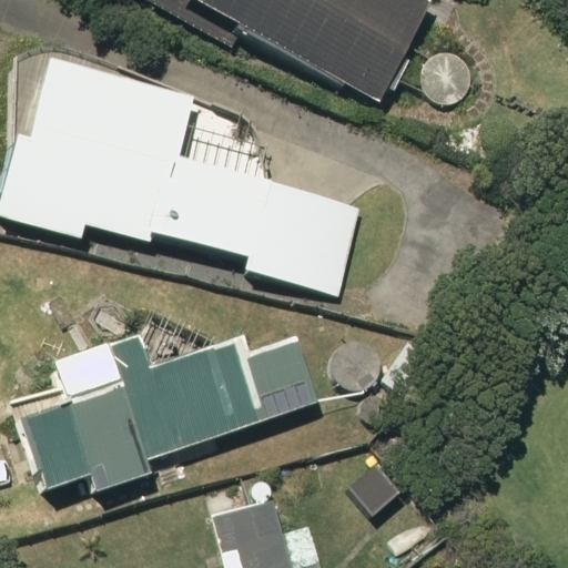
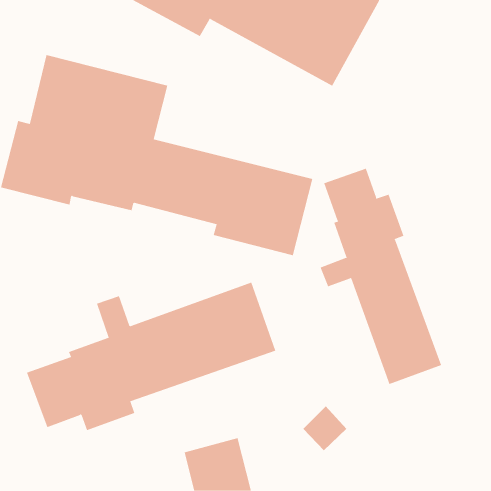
building: none -> [320,168,442,385]

